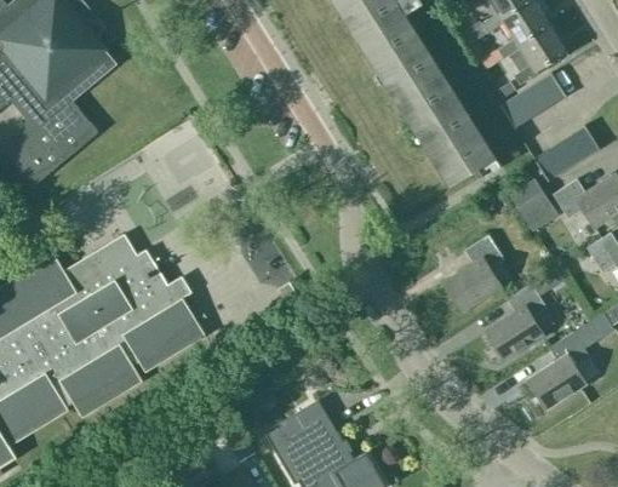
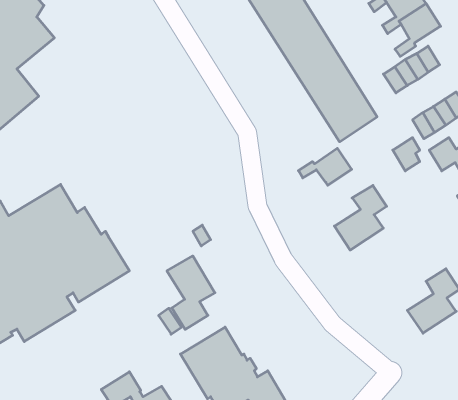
building: none -> [298,148,352,185]
building: [485,283,545,359] -> none
building: none -> [167,256,215,329]

